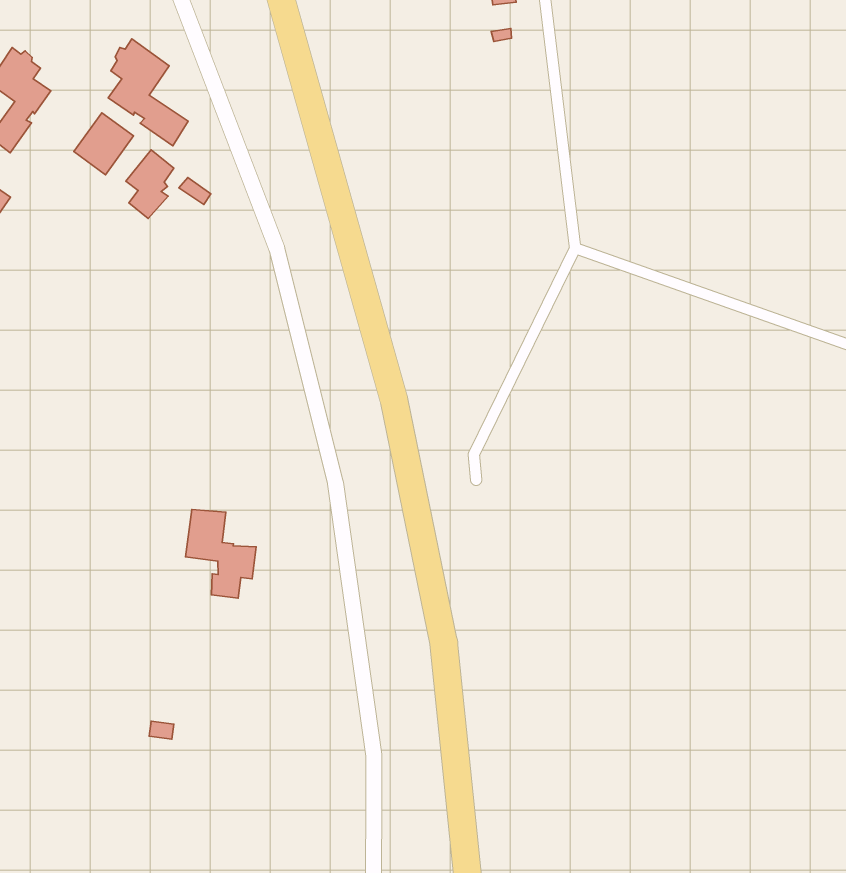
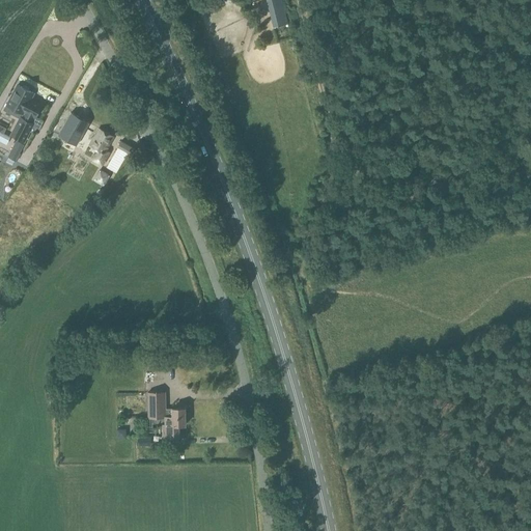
building: [108,39,188,146] -> none
building: [186,510,256,598] -> [146,392,184,438]

